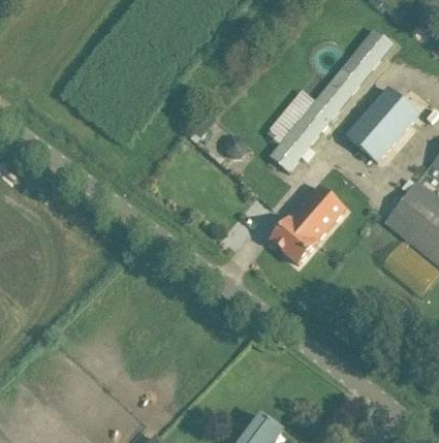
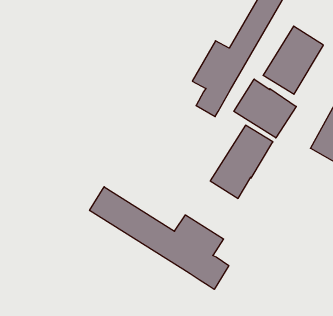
building: none -> [234,79,296,138]
building: none -> [90,187,229,289]

